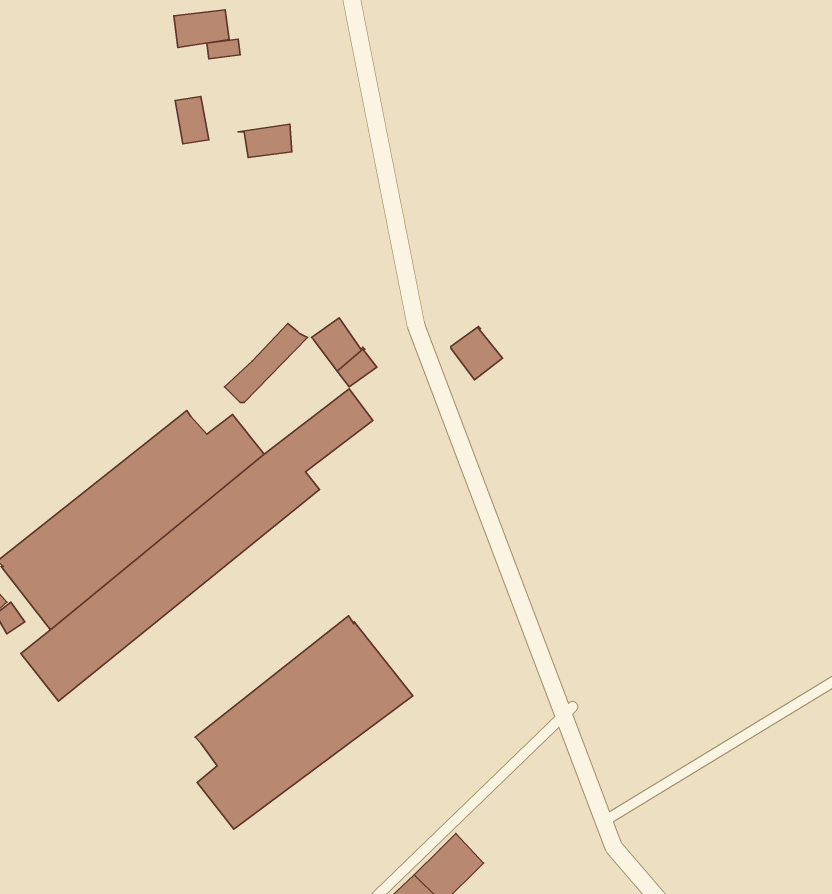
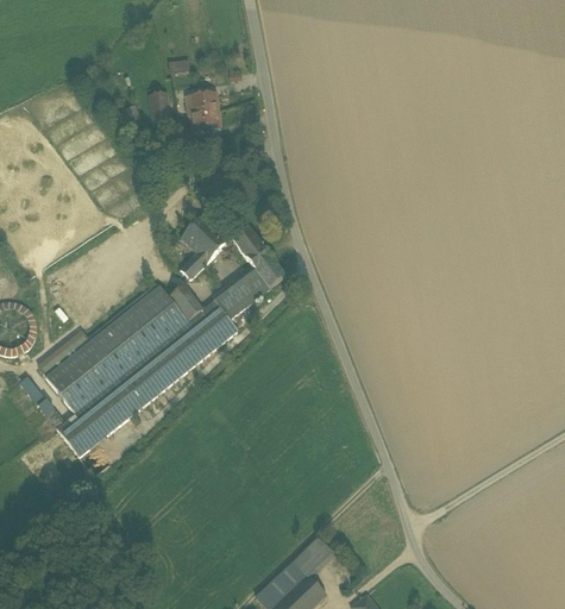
building: [174,10,229,47] -> [186,92,219,114]
building: none -> [181,214,218,252]
building: [451,327,502,380] -> [255,256,285,288]
building: [195,616,413,829] -> none

